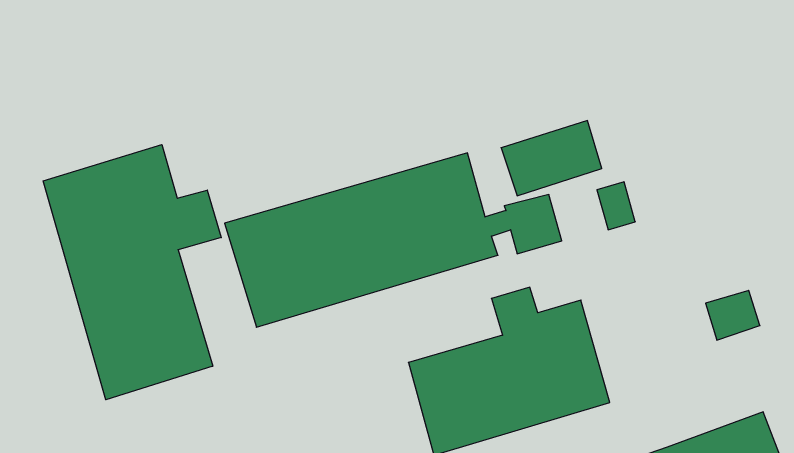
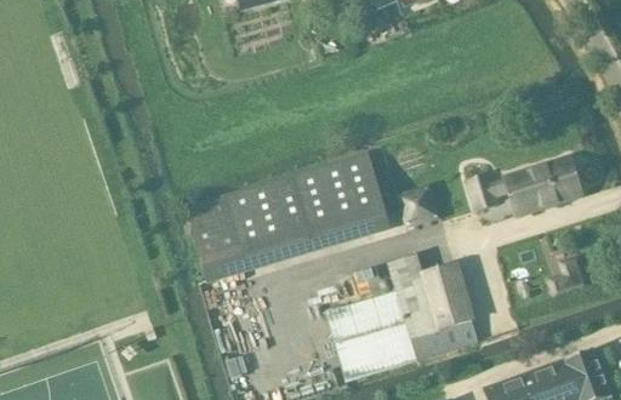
building: [501,121,602,196] -> [505,156,581,213]
building: [43,145,221,400] -> none

